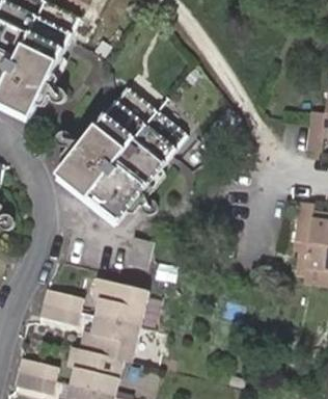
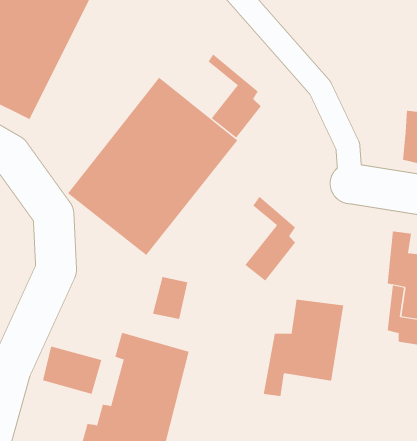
building: none -> [208,53,262,138]
building: none -> [244,196,296,281]
building: none -> [263,299,344,397]

